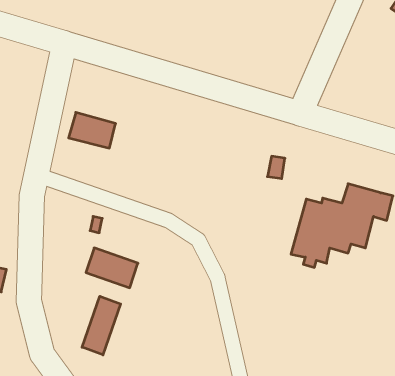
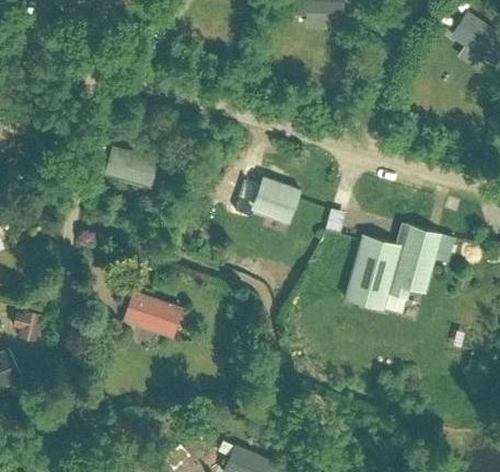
building: none -> [252,176,299,222]
building: [82,296,121,355] -> none

